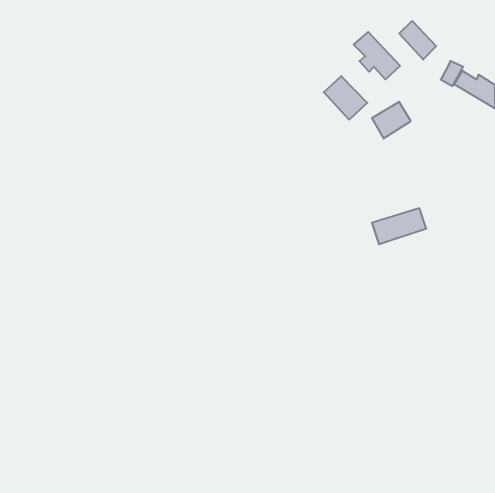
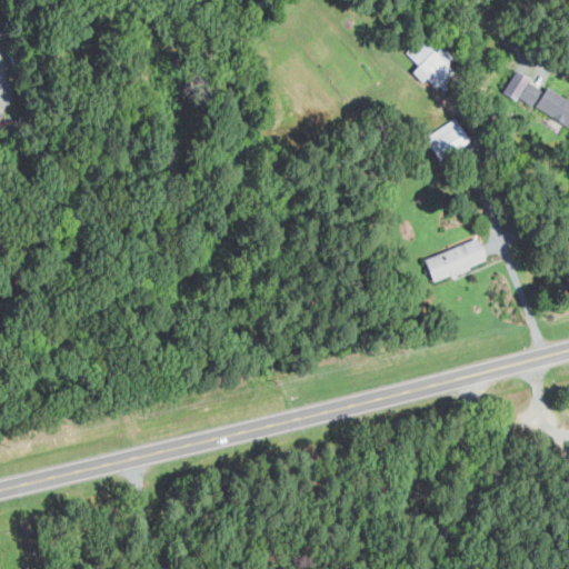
building: [399,21,436,60] -> none
building: [324,76,367,120] -> none

